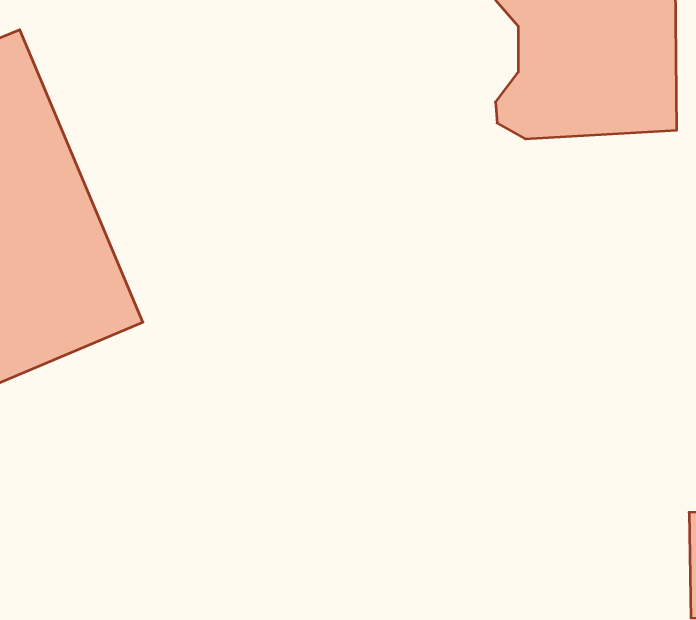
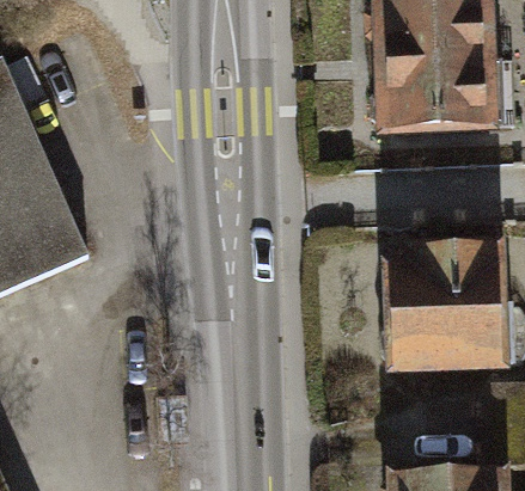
building: none -> [371,246,488,369]

